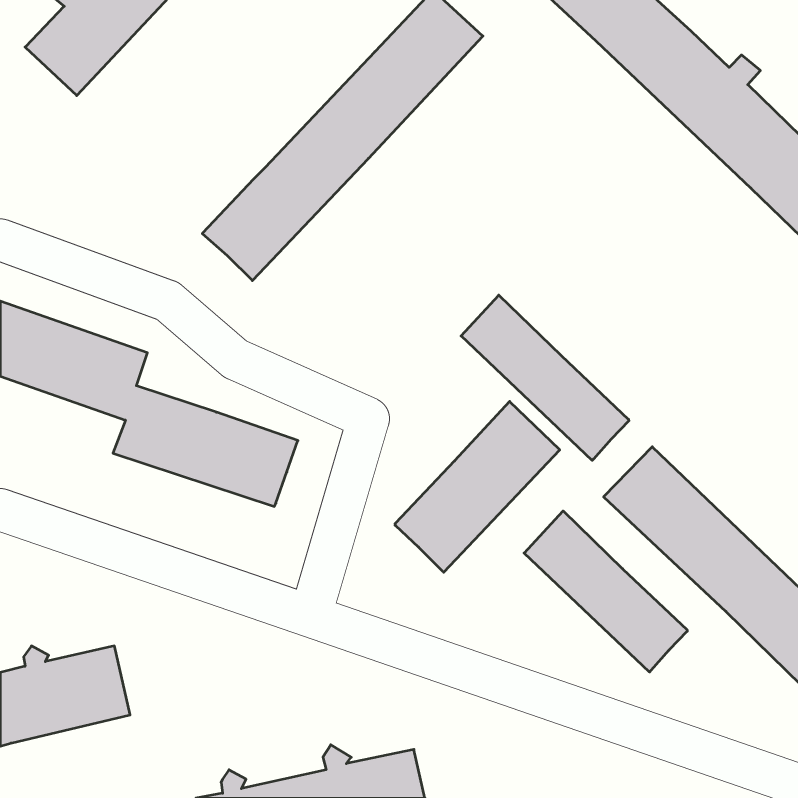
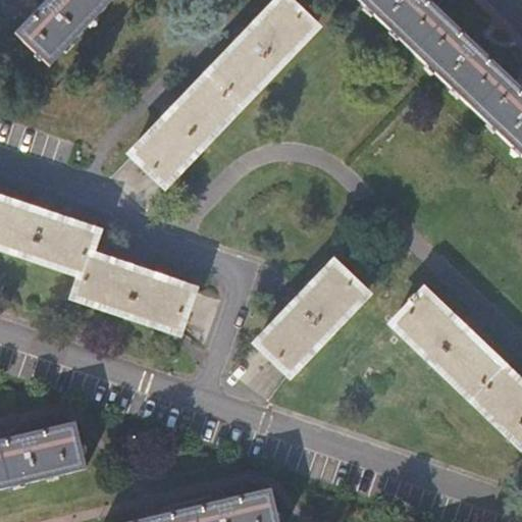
building: [461,295,629,460] -> none
building: [524,511,687,672] -> none

